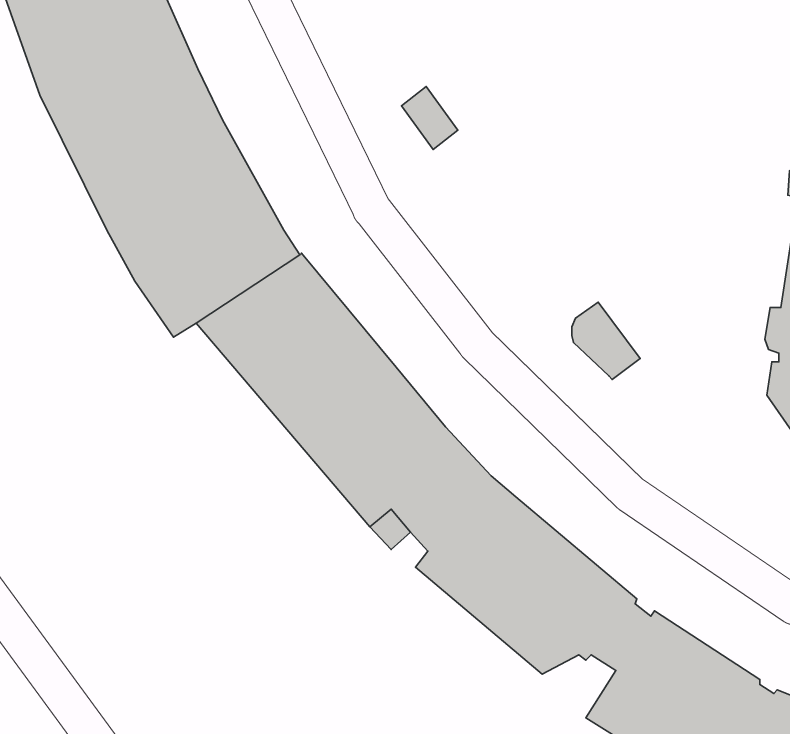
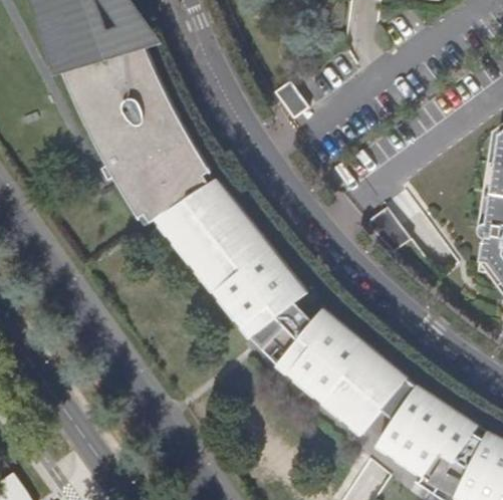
building: none -> [278,362,380,438]

